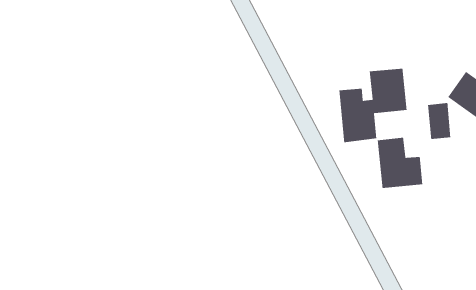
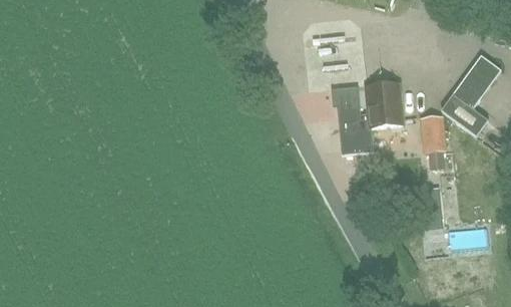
building: [377,137,423,189] -> none

